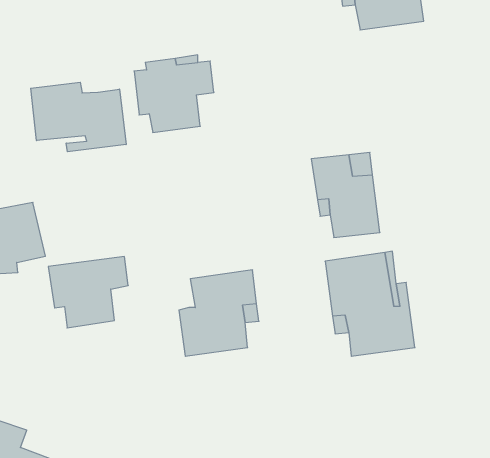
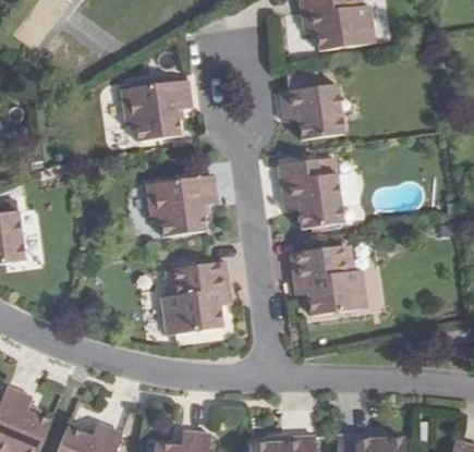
building: none -> [281,73,345,137]
building: [31,82,126,152] -> none
building: [48,257,128,328] -> [148,173,218,235]

